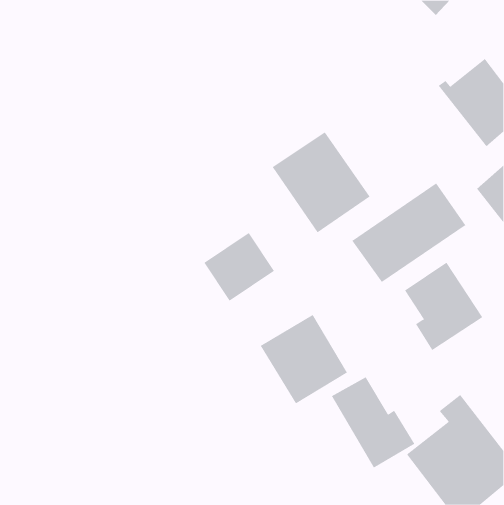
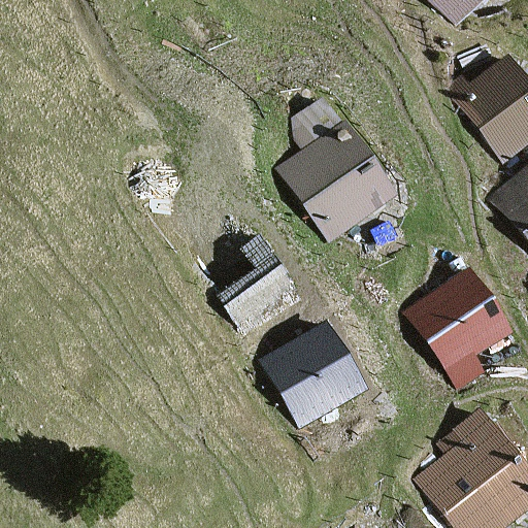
building: [352,182,466,283] -> none
building: [331,376,415,469] -> none

